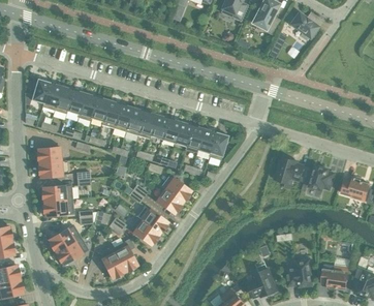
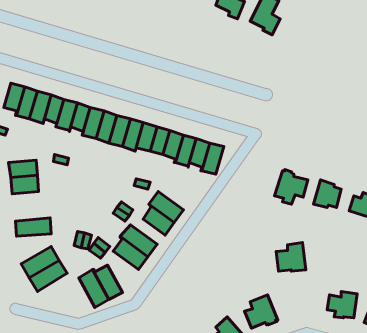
building: [289,11,318,39] -> none
building: [40,184,72,202] -> none
building: [285,259,312,285] -> [276,242,306,271]

